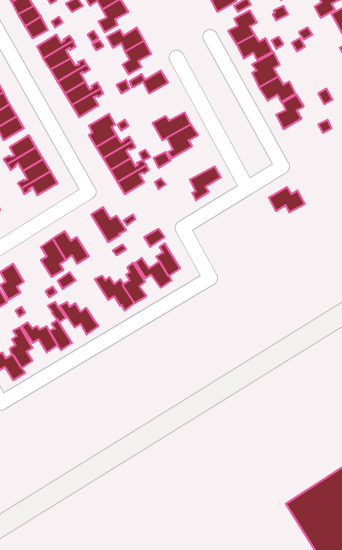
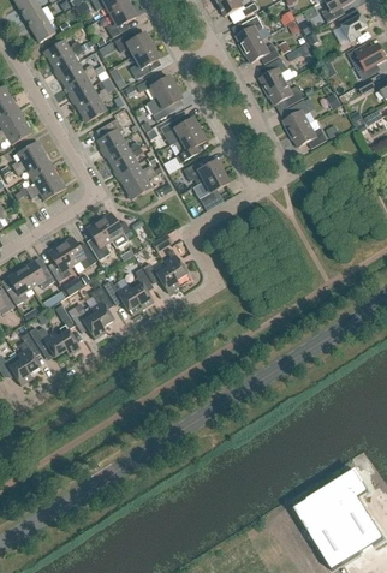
building: none -> [147,86,181,120]
building: none -> [184,159,222,184]
building: [269,187,305,212] -> [291,123,327,148]
building: none -> [87,219,112,259]
building: none -> [20,259,55,287]
building: none -> [90,285,113,326]

